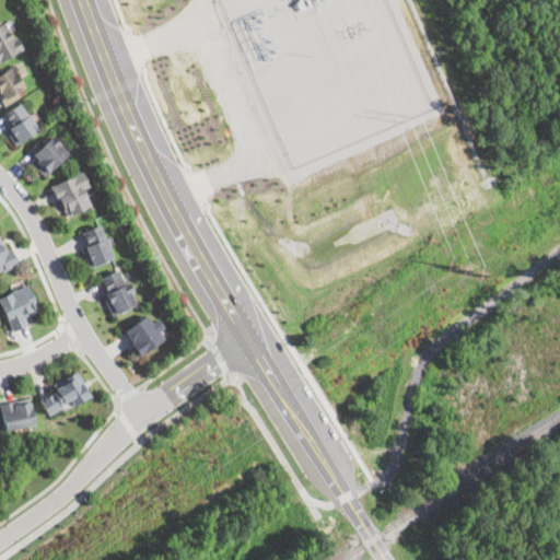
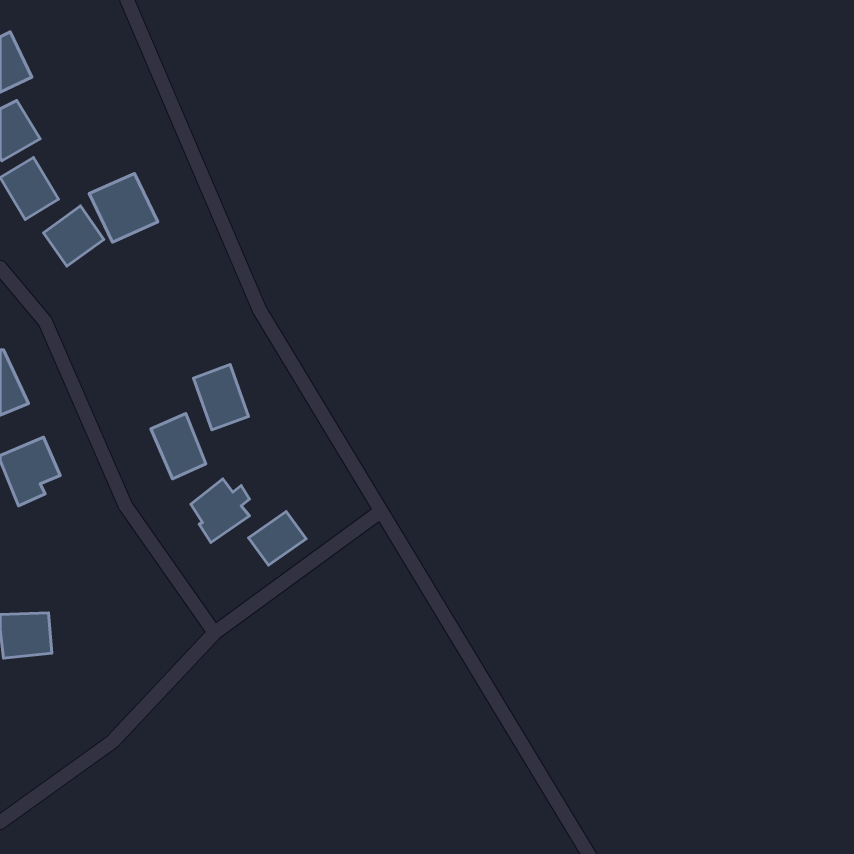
building: [51,173,96,218] -> [89,173,158,242]
building: [78,225,114,268] -> [193,365,249,430]
building: none -> [249,512,306,565]
building: [38,375,90,418] -> none

